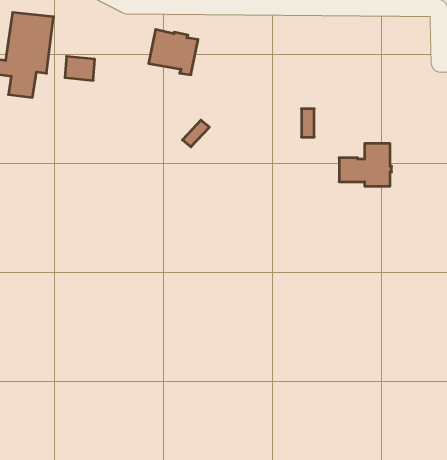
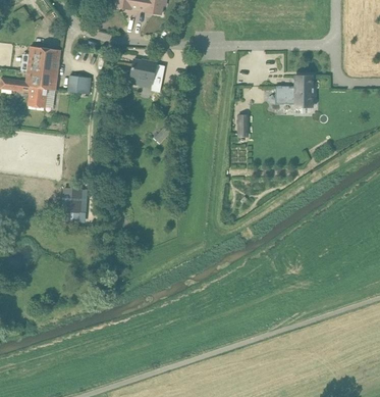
building: [339,144,392,186] -> [276,76,314,106]
building: none -> [61,187,83,212]

